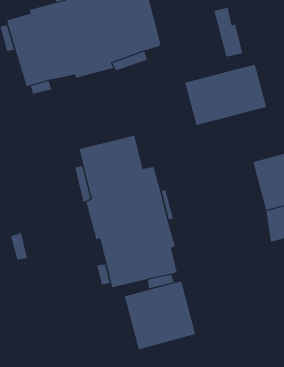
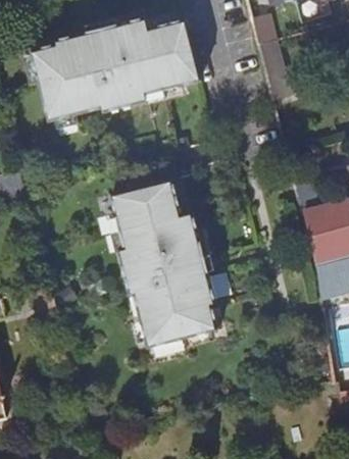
building: [184,64,267,126] -> none
building: [124,280,196,350] -> none

